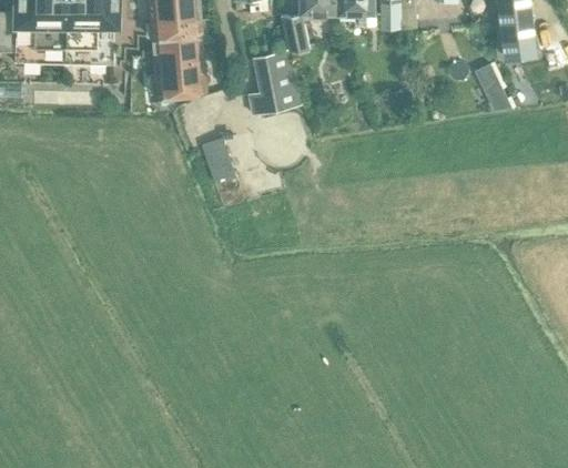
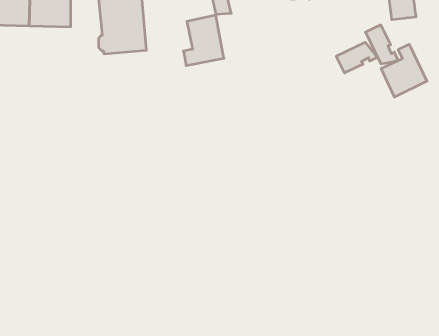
building: none -> [336,42,376,73]
building: none -> [381,44,427,97]
building: [203,140,237,183] -> none

